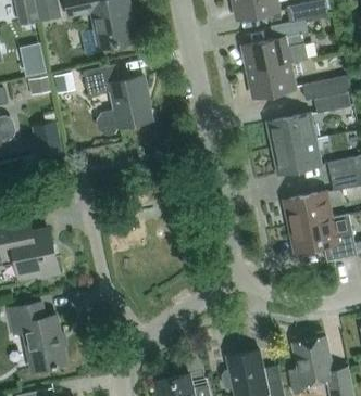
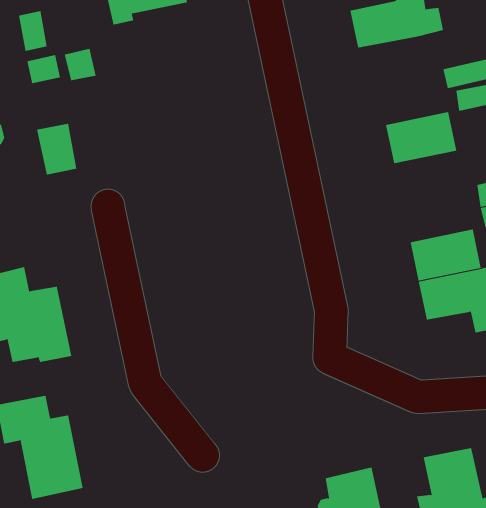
building: [84,64,152,133] -> none
building: [249,64,296,99] -> none
building: [273,140,321,175] -> none

